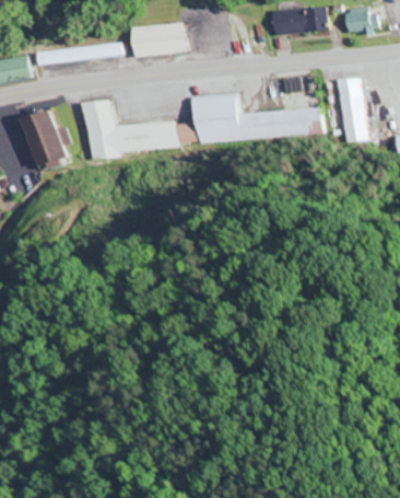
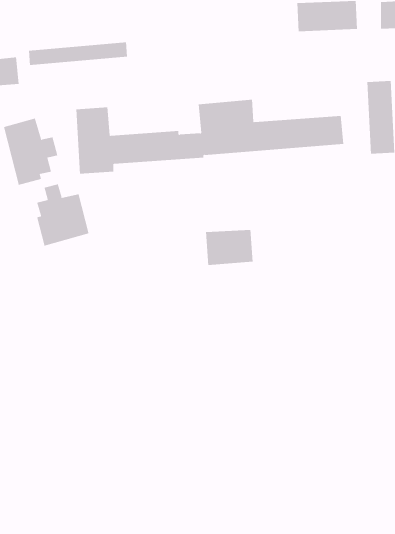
building: [137,24,191,56] -> none
building: none -> [36,183,89,246]
building: none -> [206,229,253,266]

